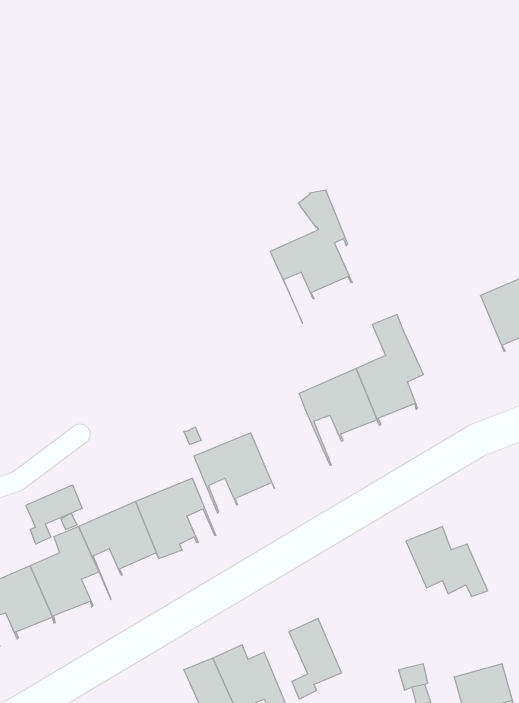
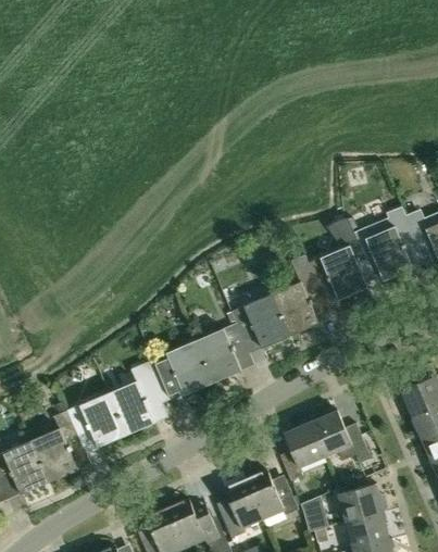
building: [270,190,352,323] -> [309,218,370,317]
building: none -> [196,324,246,382]
building: [26,485,82,544] -> none
building: none -> [280,422,326,481]
building: none -> [246,471,299,519]
building: none -> [339,485,388,523]

